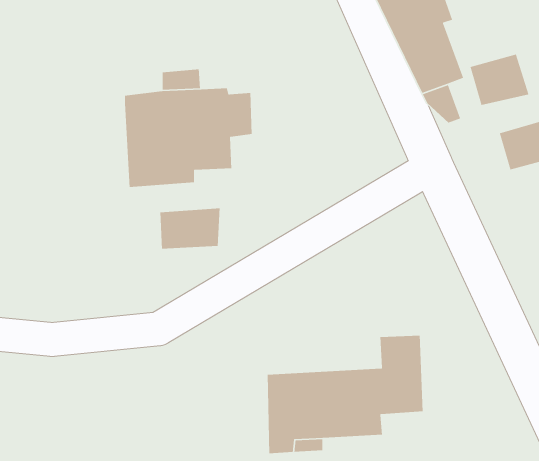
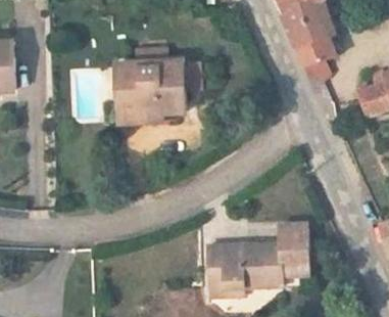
building: [470,53,530,106] -> none
building: [159,207,220,250] -> none

